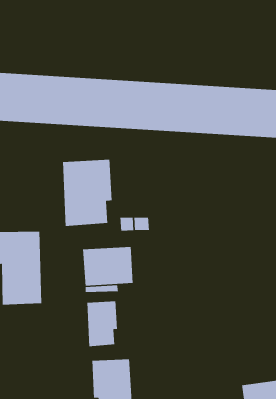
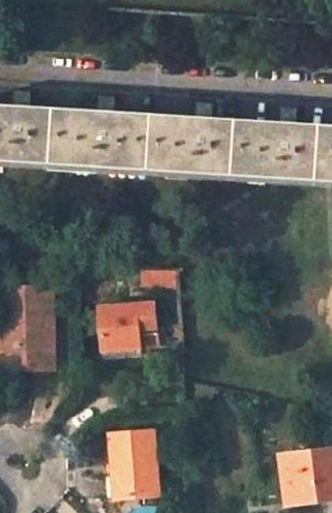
building: [62,159,112,227] -> none
building: [87,300,118,347] -> none

